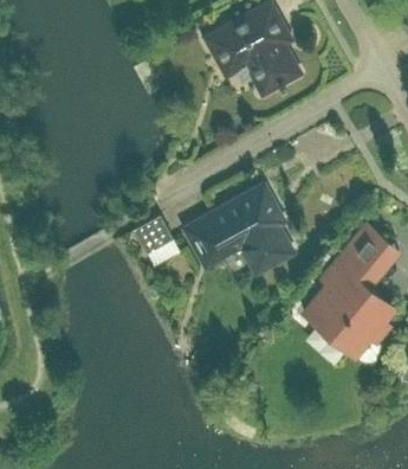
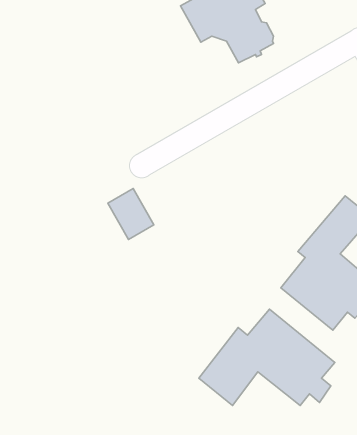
building: [186,184,294,271] -> none
building: none -> [199,309,335,406]

